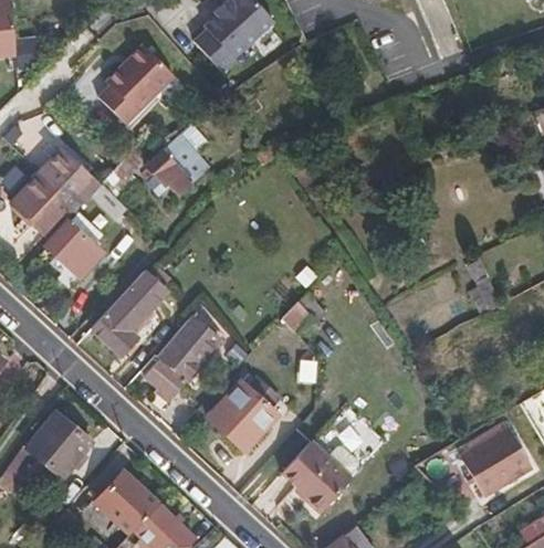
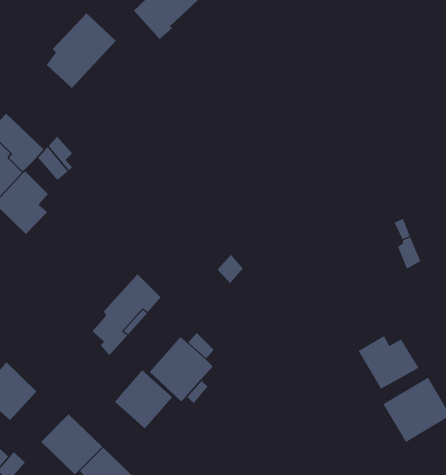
building: [140,140,202,199] -> none
building: [92,273,166,359] -> none
building: none -> [358,335,419,390]
building: none -> [114,369,173,429]
building: [282,439,353,513] -> none

